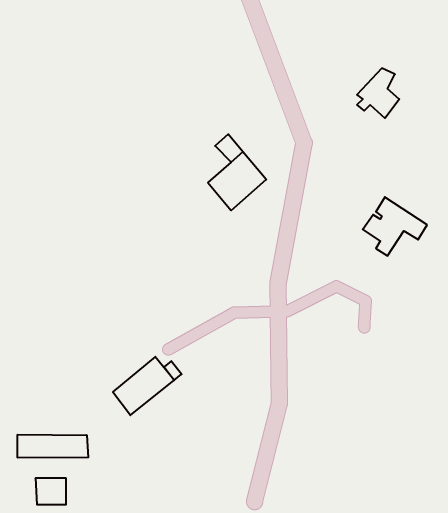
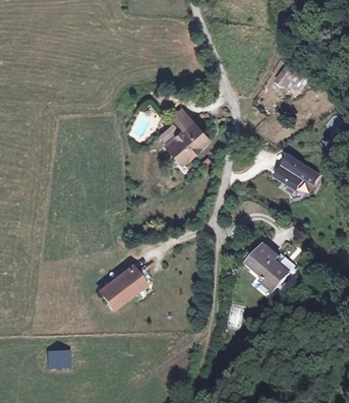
building: none -> [252,247,297,296]
building: [18,435,88,458] -> none

